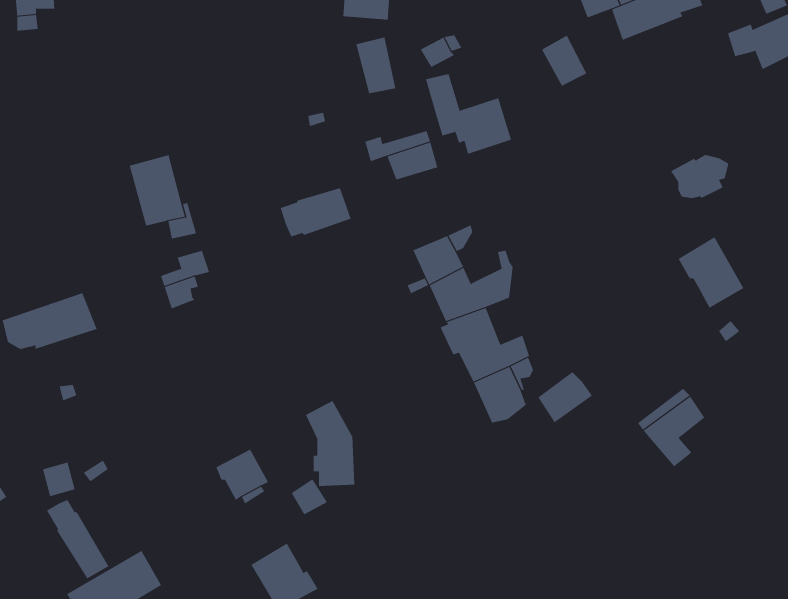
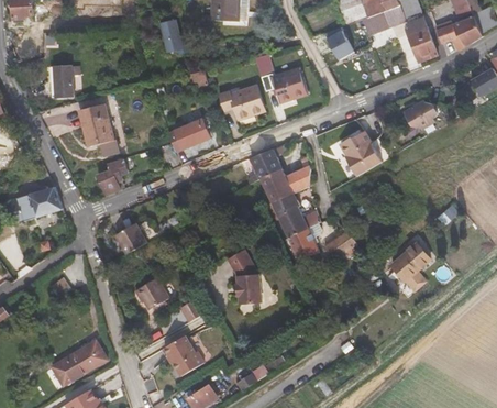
building: none -> [408,18,437,62]
building: [356,37,396,94] -> [157,19,181,53]
building: none -> [58,64,77,92]
building: [678,237,744,308] -> [341,131,380,174]
building: none -> [114,221,144,252]
building: [305,400,355,487] -> [224,249,254,300]
building: [46,499,109,579] -> none

